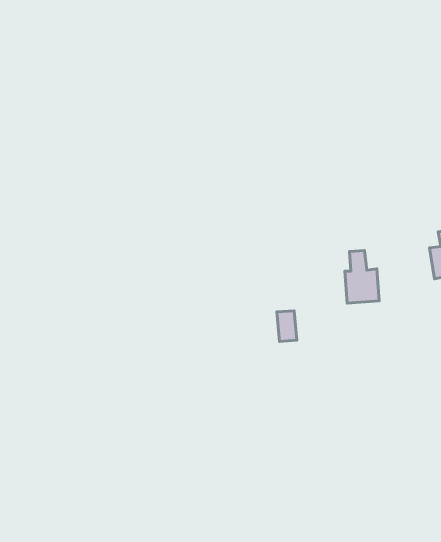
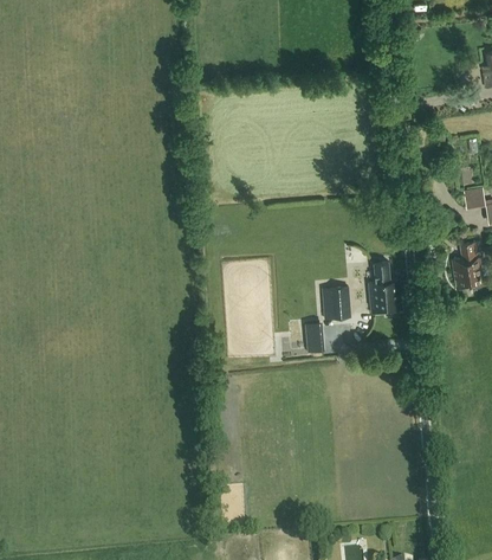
building: none -> [328,288,349,317]

